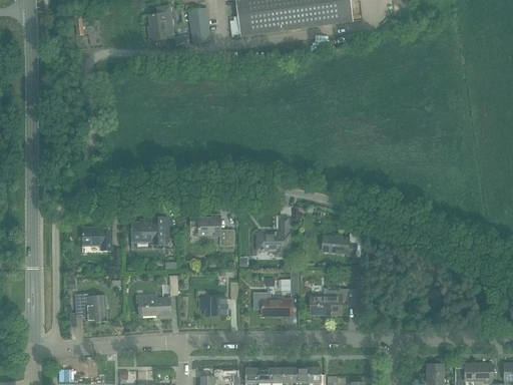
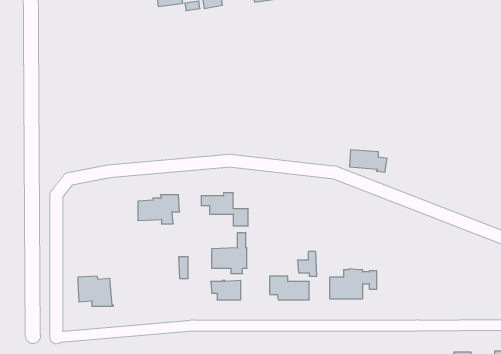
building: [256,218,290,256] -> [212,233,247,274]
building: [82,224,112,250] -> none
building: [322,235,357,256] -> [350,150,387,172]
building: [136,295,171,317] -> none

